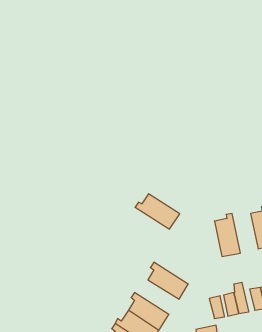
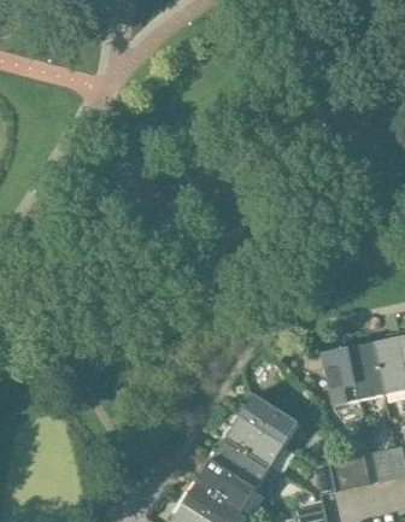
building: [135,194,180,229] -> [234,394,298,445]
building: none -> [346,341,383,400]
building: none -> [206,439,270,488]

